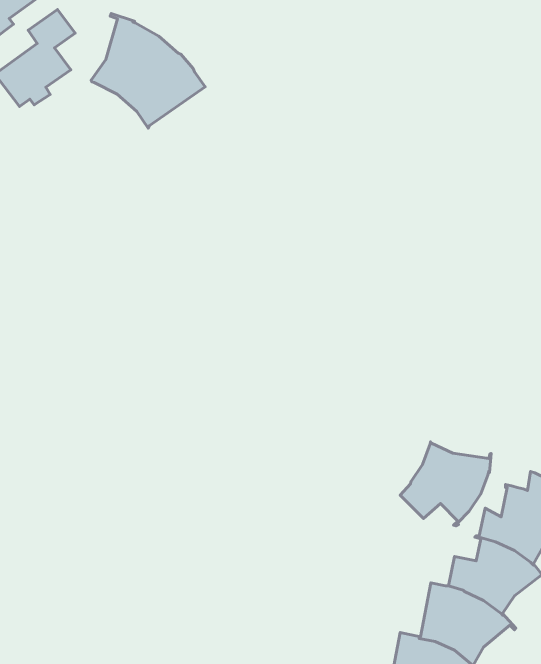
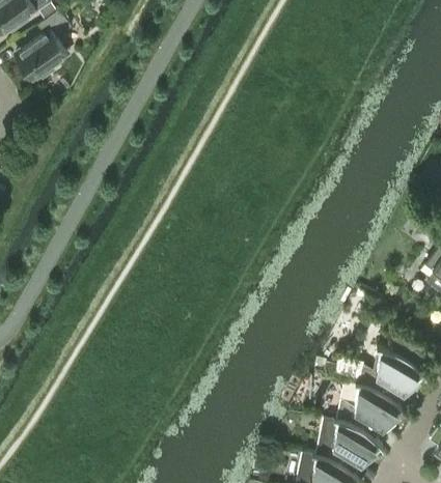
building: [91,14,205,128] -> none
building: [400,442,491,526] -> none

